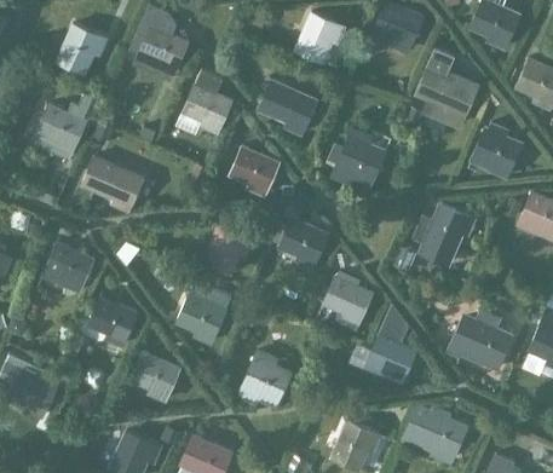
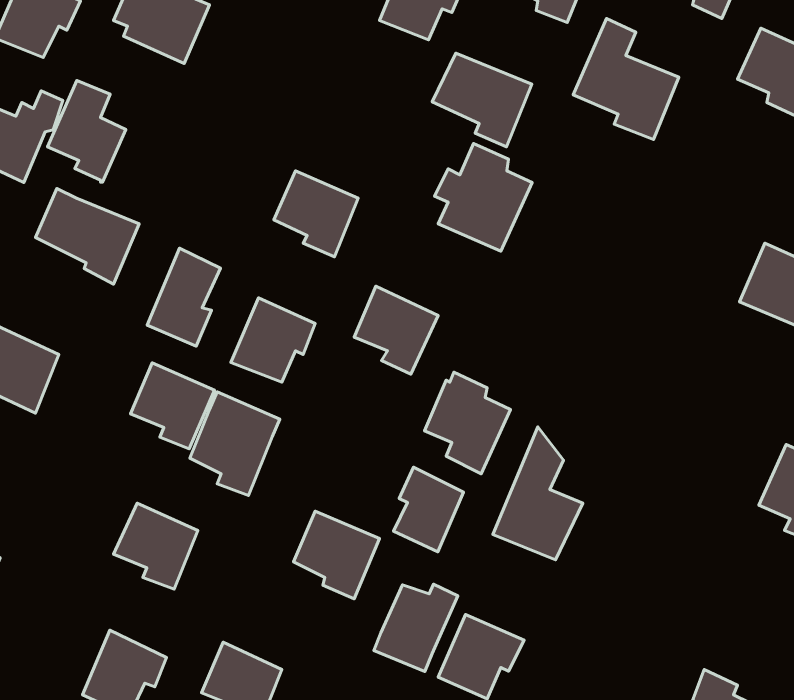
building: [183,70,231,133] -> [48,81,126,182]
building: [257,79,318,137] -> [432,53,532,147]
building: [468,123,523,179] -> none
building: none -> [147,248,220,346]
building: [414,204,474,265] -> none
building: [86,294,138,347] -> [131,363,215,449]
building: [448,310,512,370] -> none
building: none -> [394,467,463,552]
building: none -> [374,584,458,671]
building: [401,402,470,466] -> none

